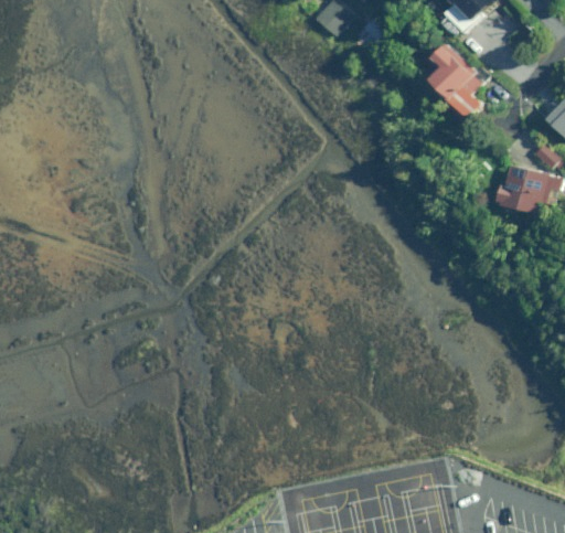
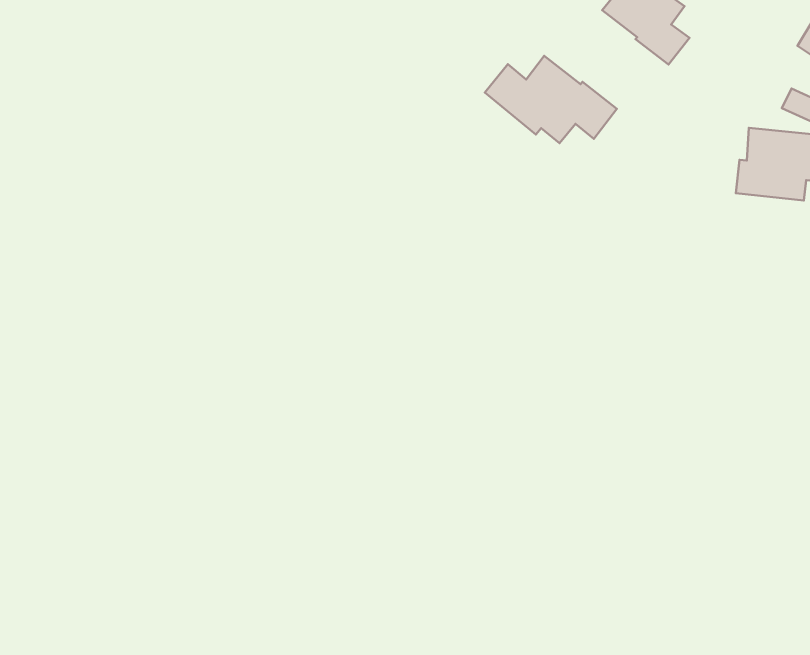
building: none -> [485,56,617,143]

